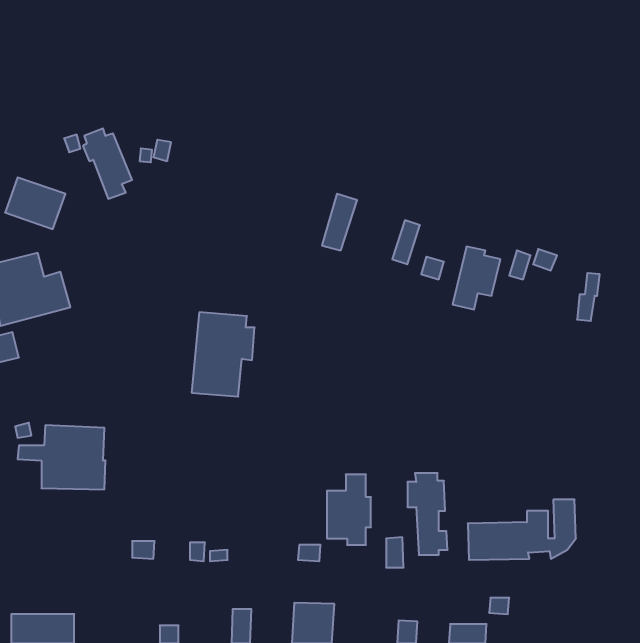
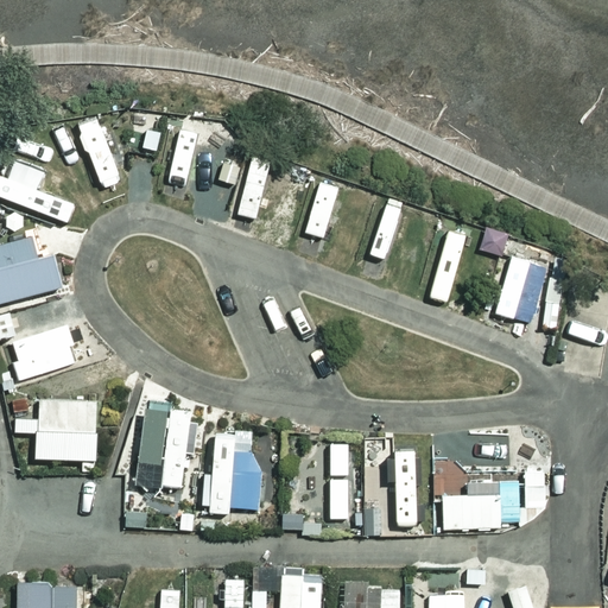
building: none -> [494,259,546,323]
building: [192,312,255,397] -> [140,407,200,487]
building: none -> [14,325,76,384]
building: none -> [201,432,262,513]

